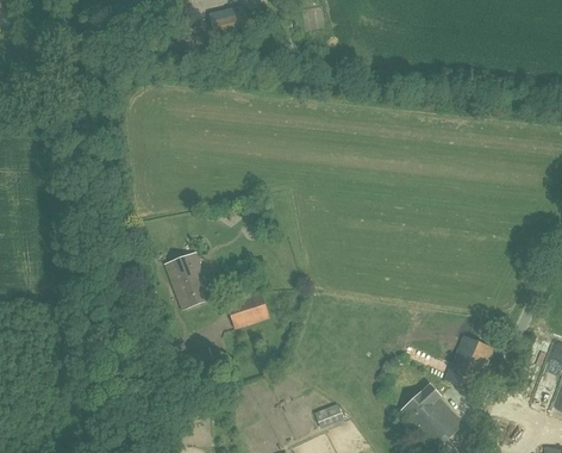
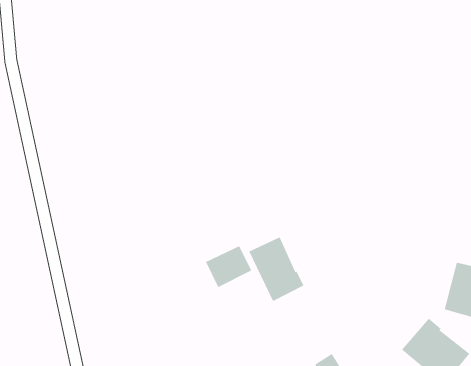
building: [164,253,212,309] -> none
building: none -> [248,236,304,302]

